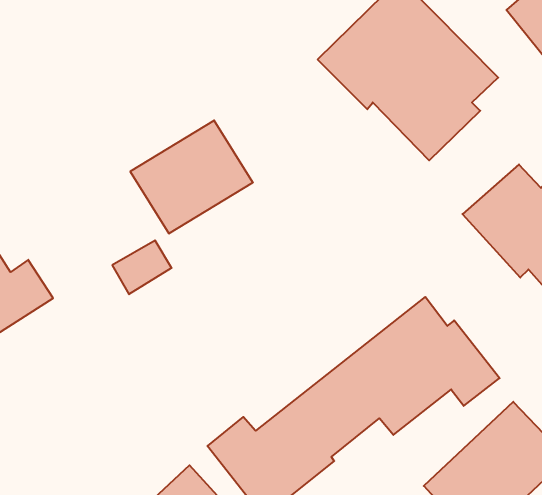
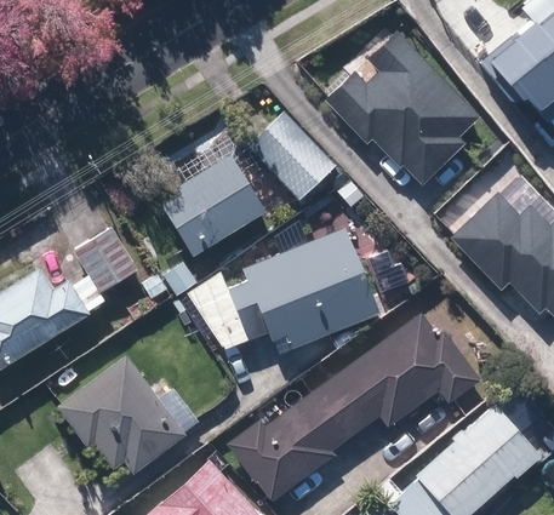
building: none -> [245,109,336,200]
building: none -> [223,227,381,356]
building: none -> [73,228,139,296]
building: none -> [57,351,189,474]

